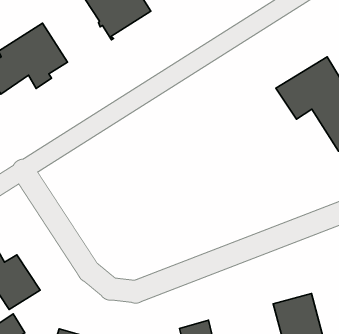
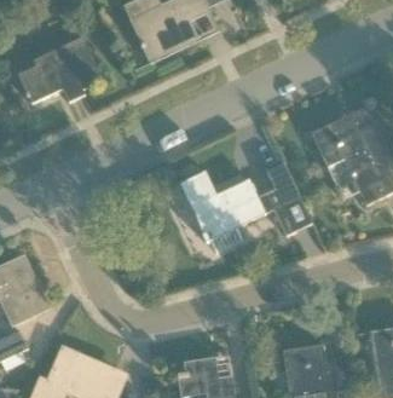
building: none -> [179,161,311,252]

